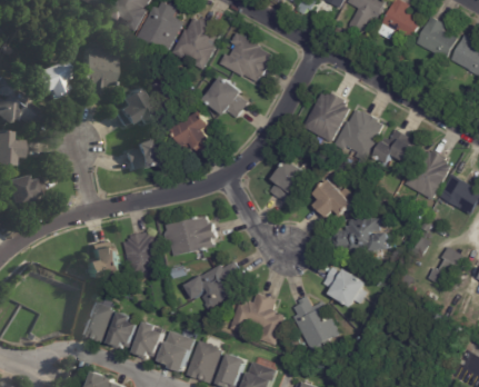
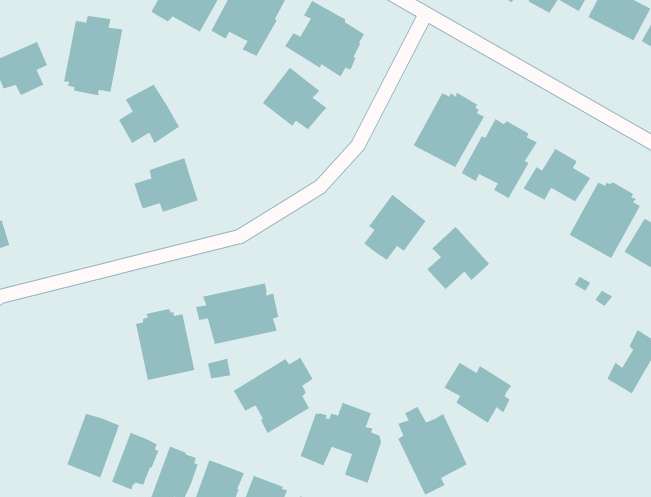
building: [172,110,211,152] -> none
building: [335,217,390,251] -> none
building: [83,245,119,282] -> none

